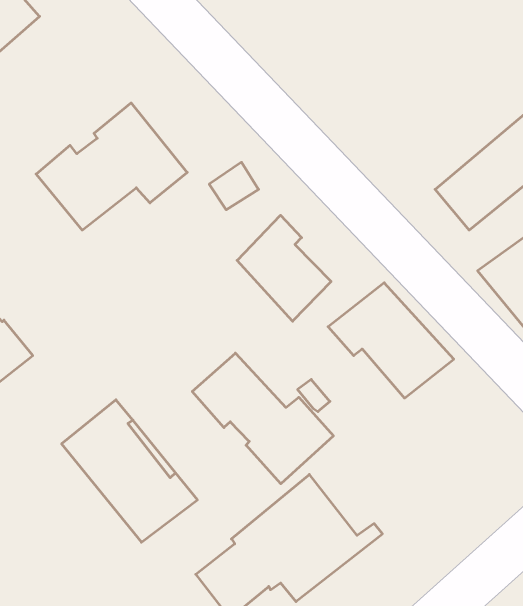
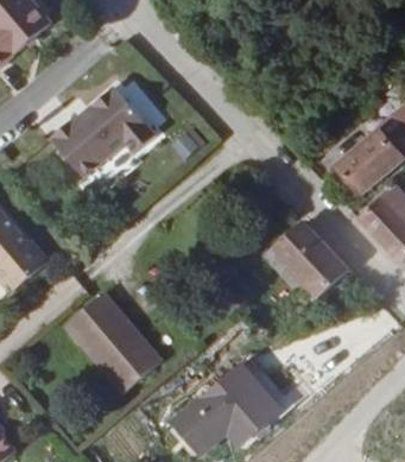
building: [237,215,331,321] -> none
building: [192,353,333,484] -> none

